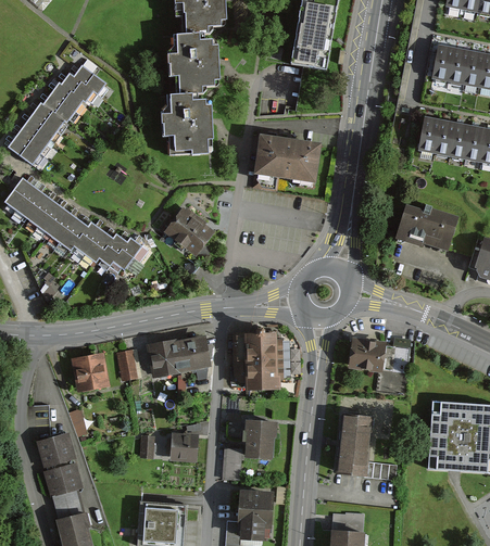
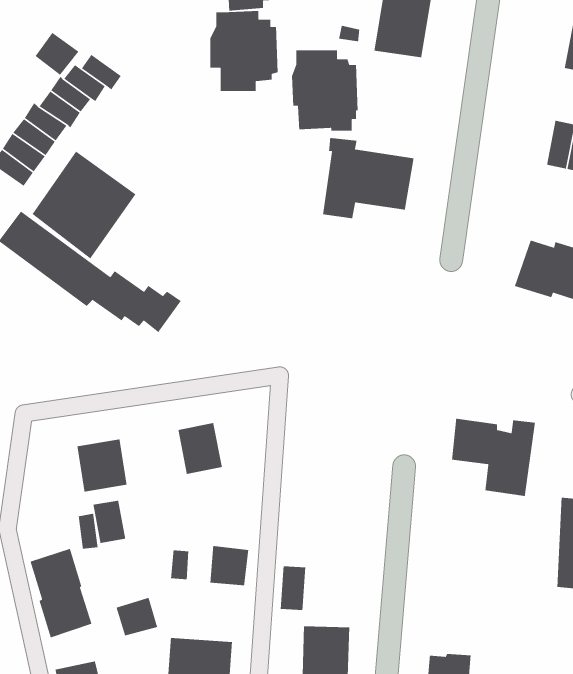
building: none -> [35,32,80,76]
building: [164,96,214,156] -> [291,50,358,131]
building: none -> [31,150,137,260]
building: [161,209,218,259] -> none
building: [231,329,280,390] -> none
building: [173,333,211,379] -> none
building: [116,347,141,380] -> [92,500,126,544]
building: [336,416,375,478] -> none
building: [243,420,277,461] -> none
building: [51,493,83,522] -> [116,597,158,636]

